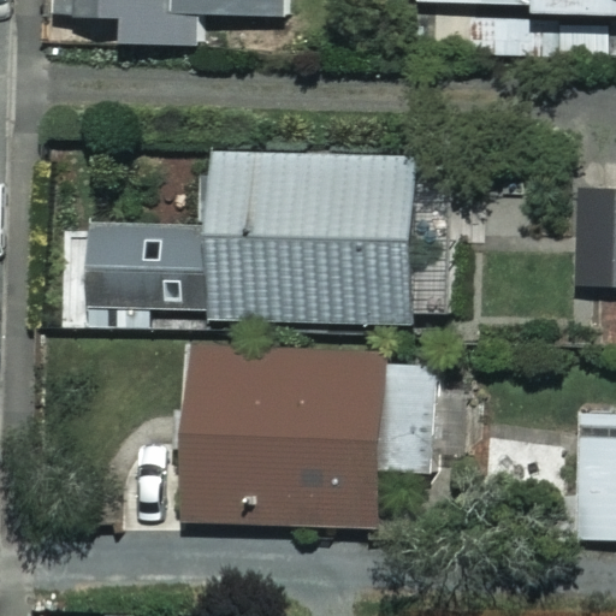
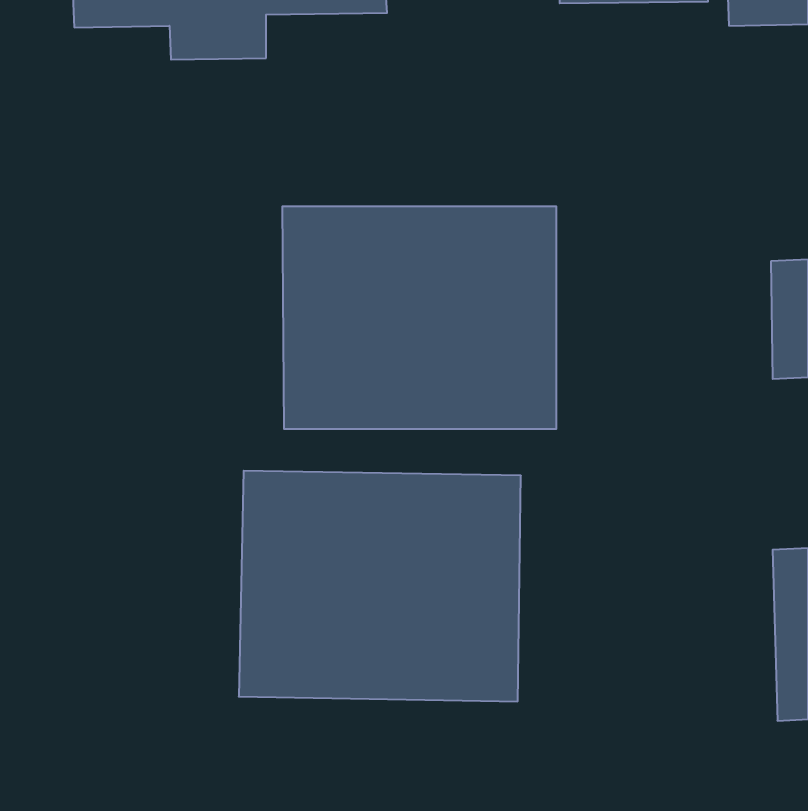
building: [89,220,197,310] -> none

